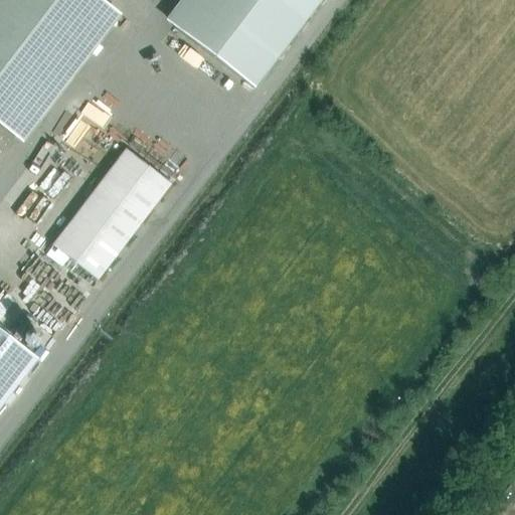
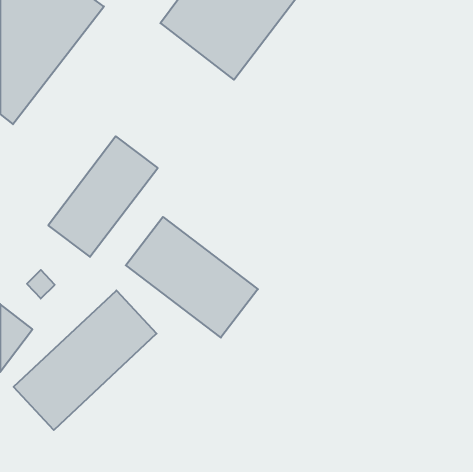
building: none -> [126,217,258,338]
building: none -> [14,290,157,430]

